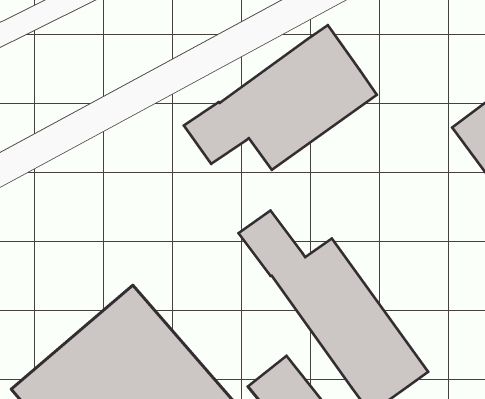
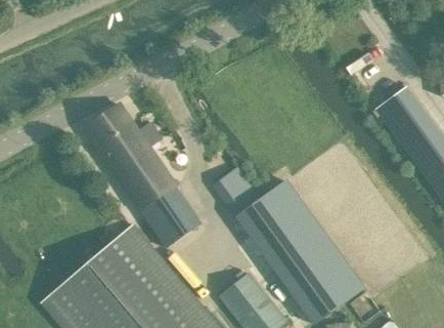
building: [184,25,377,170] -> none
building: none -> [84,101,202,245]

